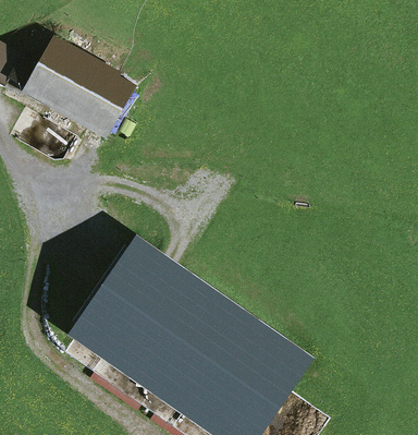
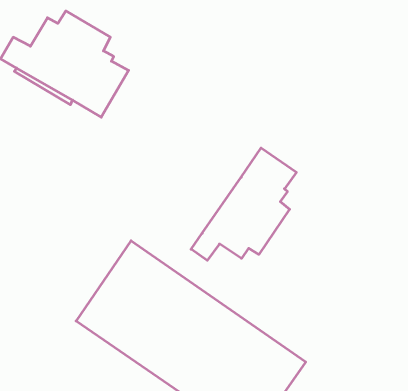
building: none -> [191,148,296,260]

